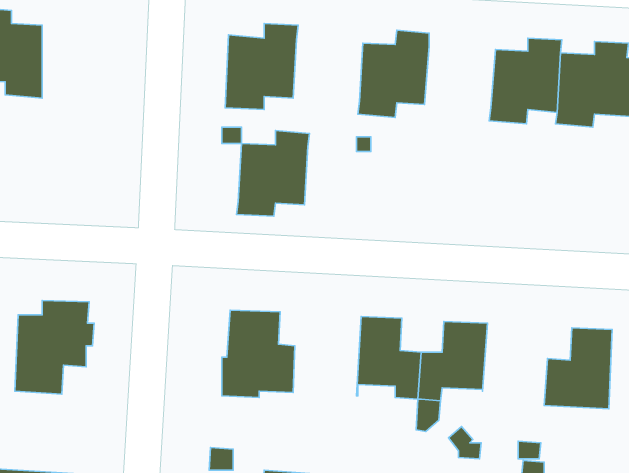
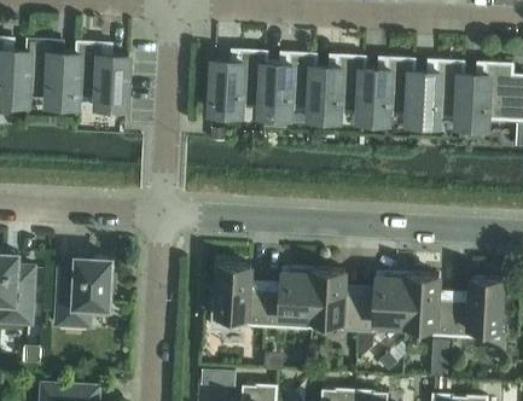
building: none -> [76,43,128,110]
building: none -> [361,59,414,124]
building: [237,130,309,216] -> [262,54,316,118]
building: none -> [263,269,314,330]
building: none -> [405,275,453,337]

